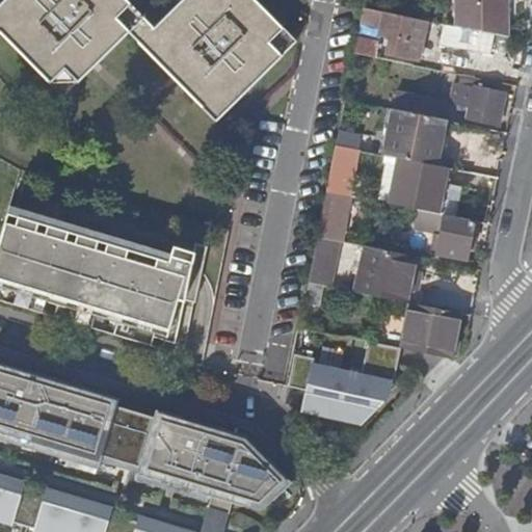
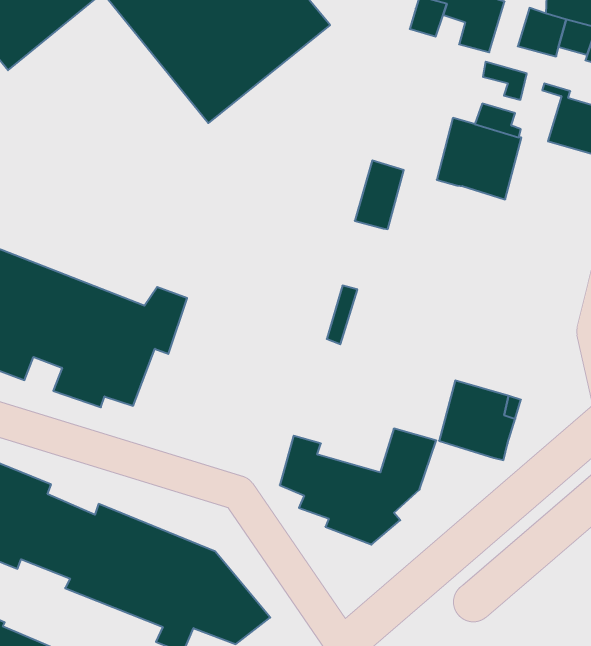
building: [392,155,447,209] -> none
building: [317,187,348,237] -> none
building: [435,212,473,256] -> none
building: [353,242,417,299] -> none

